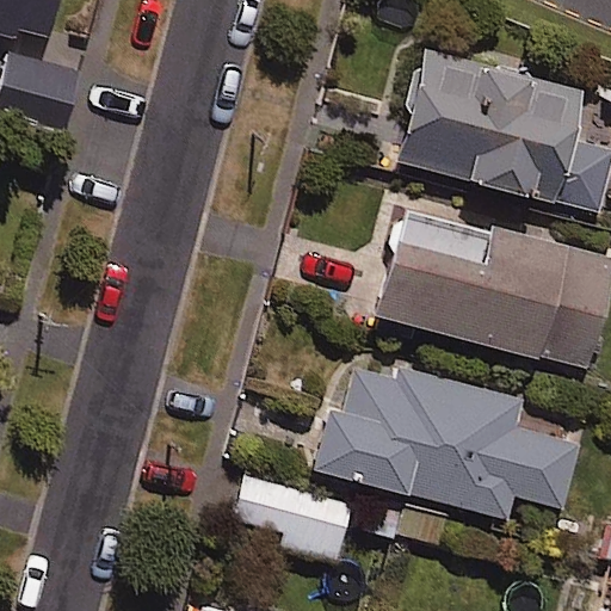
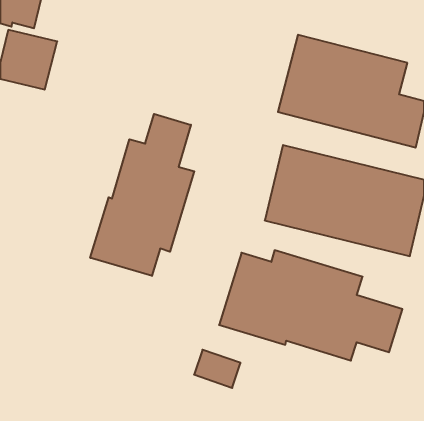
building: none -> [90,114,194,276]

